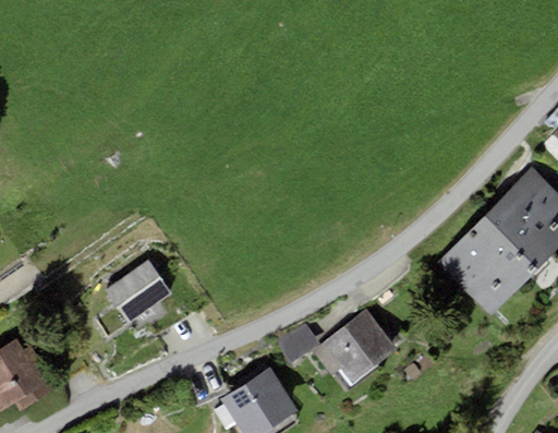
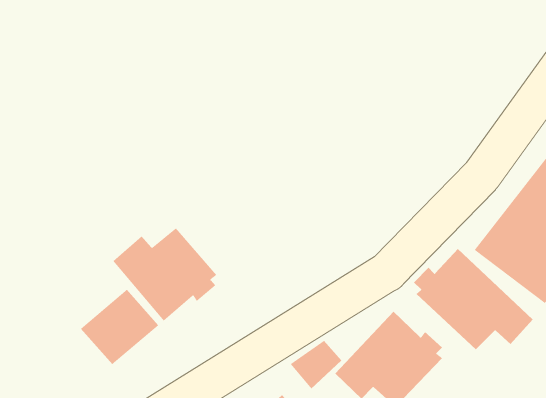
building: none -> [112,228,217,321]
building: none -> [413,248,533,350]

